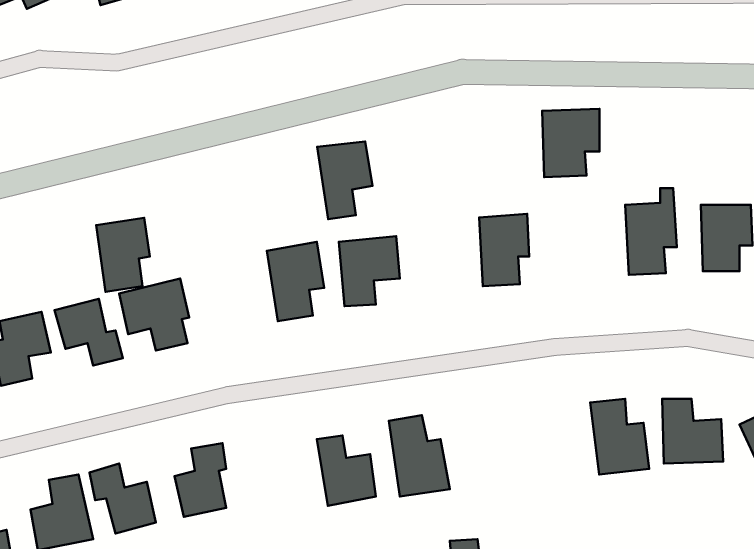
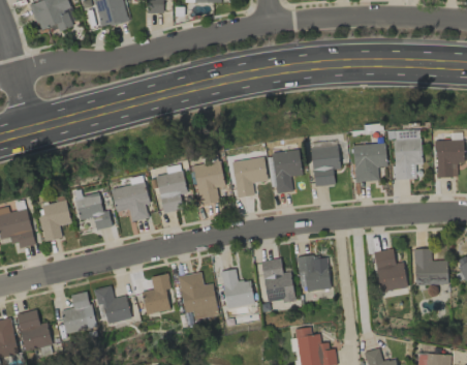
building: [542,109,600,177] -> [354,143,386,181]
building: [317,141,373,219] -> [272,149,303,192]
building: [96,218,150,292] -> [157,171,187,212]
building: none -> [299,255,331,291]
building: none -> [179,272,218,318]

